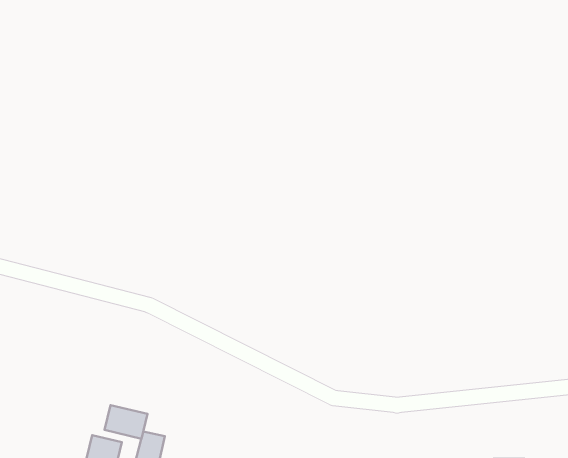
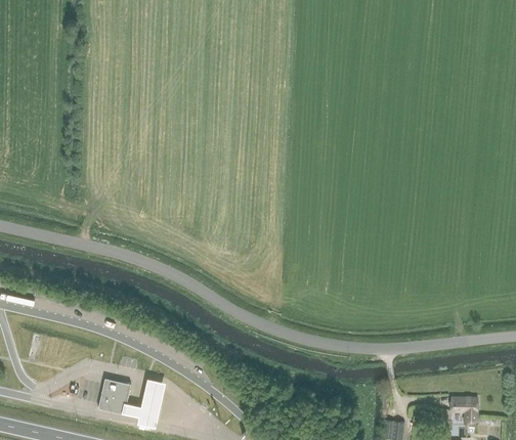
building: [105,405,147,439] -> none

